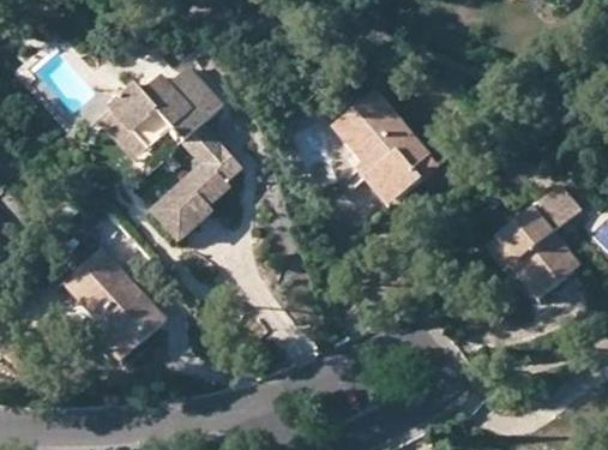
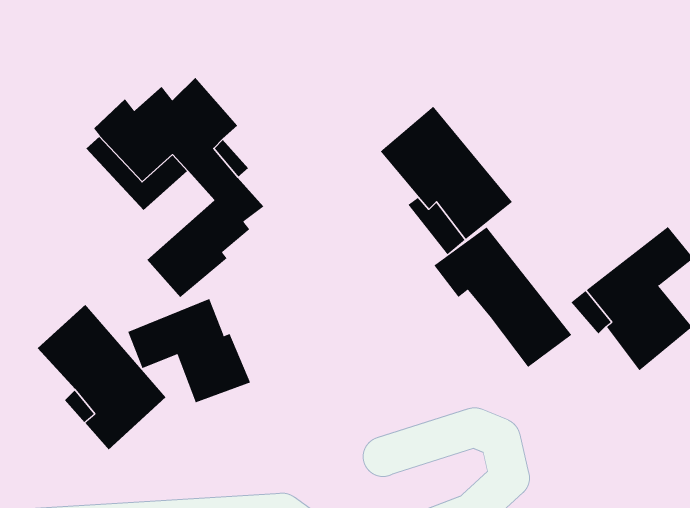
building: none -> [433,226,572,368]
building: none -> [128,298,251,403]

